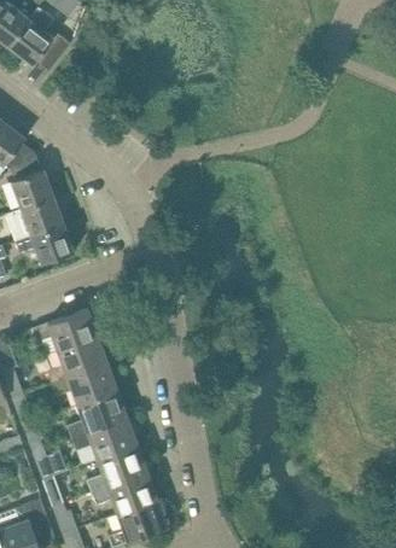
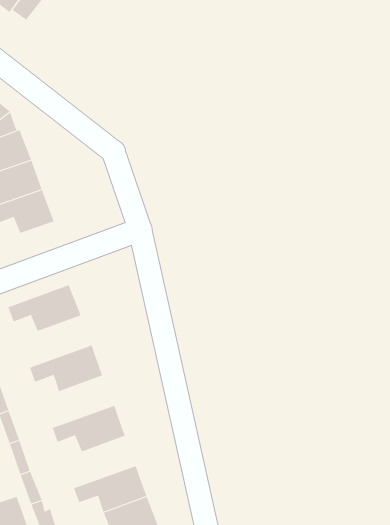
building: [47,337,107,384] -> none
building: [66,391,128,438] -> none
building: [87,445,147,492] -> none

